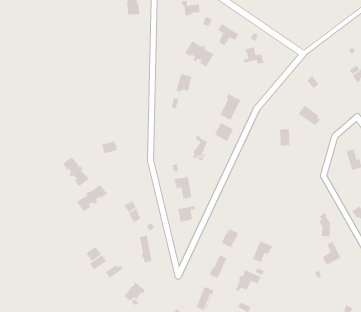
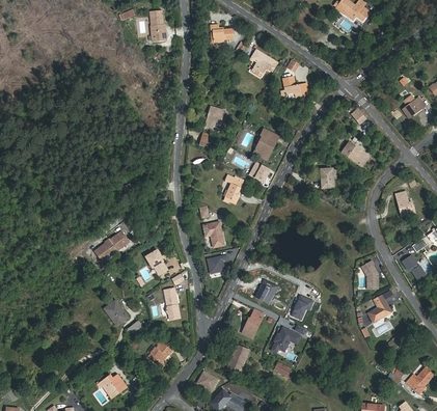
building: [184,40,215,67] -> none
building: [62,157,89,187] -> none

